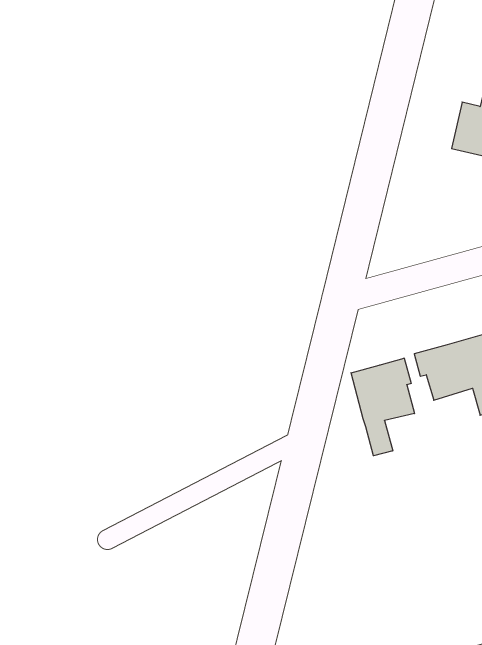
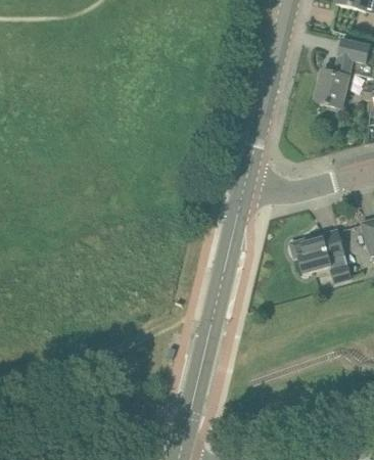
building: [351,358,414,456] -> none

